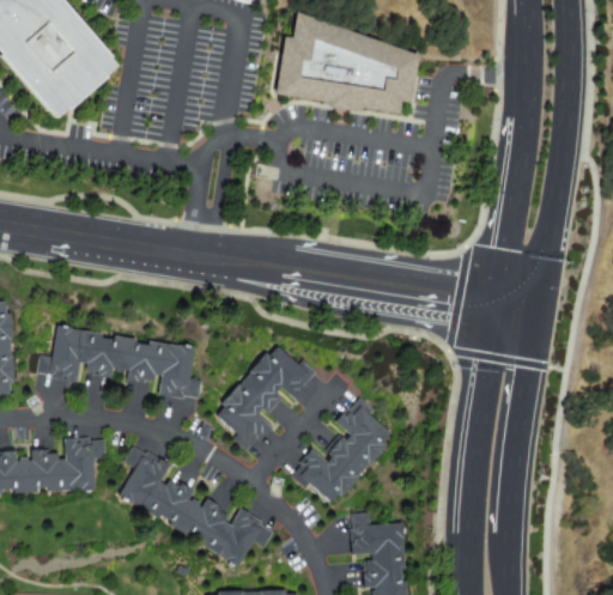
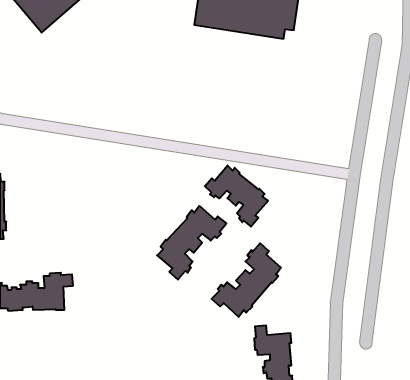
building: none -> [205,165,268,227]
building: [37,326,200,397] -> none
building: [120,448,273,566] -> none

